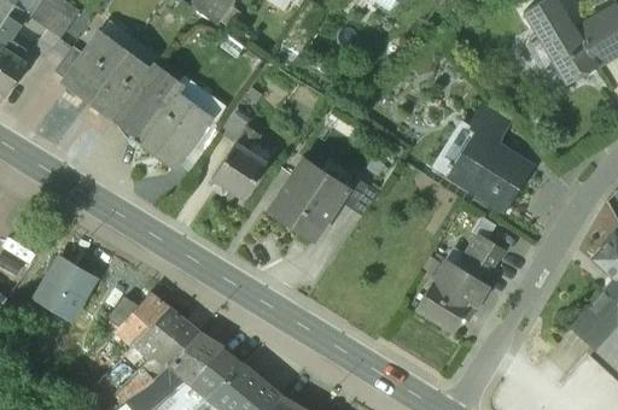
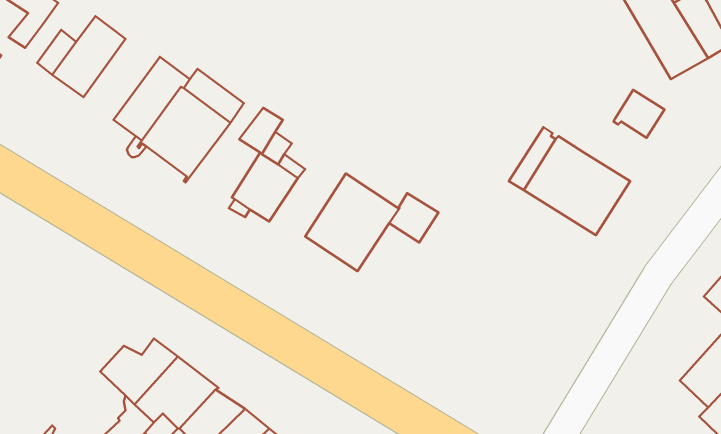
building: [93,51,152,116] -> none
building: [470,104,511,142] -> [614,90,664,138]
building: [464,234,503,274] -> none
building: [37,260,95,322] -> none
building: [415,260,486,330] -> none

